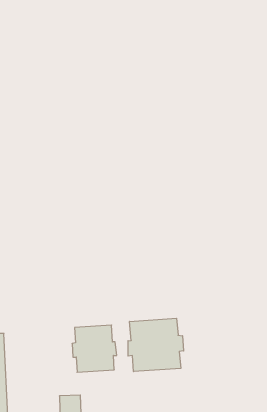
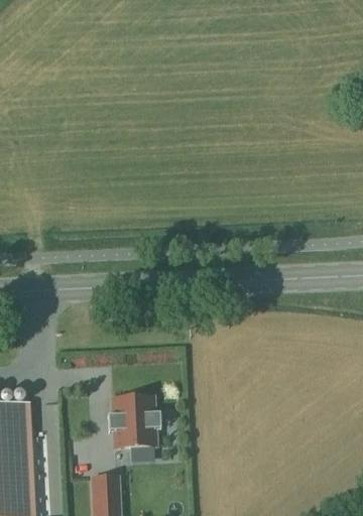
building: [128,318,184,372] -> none

